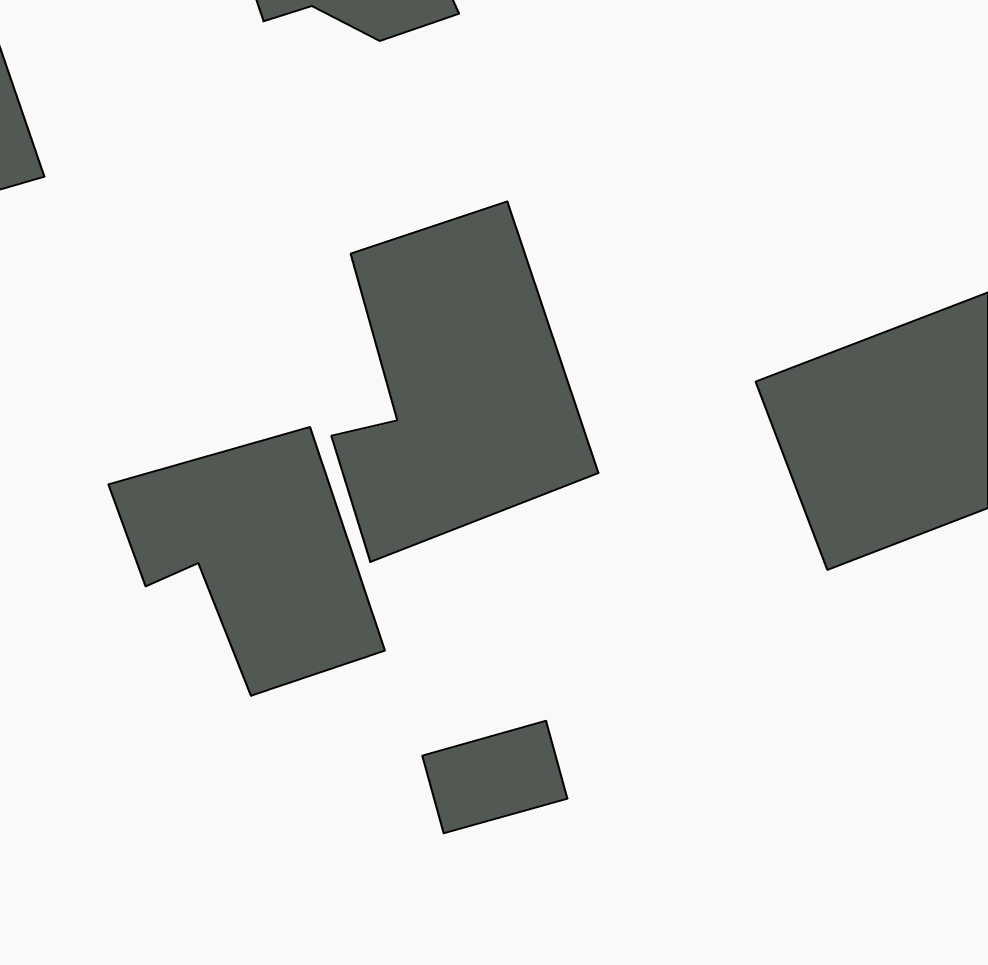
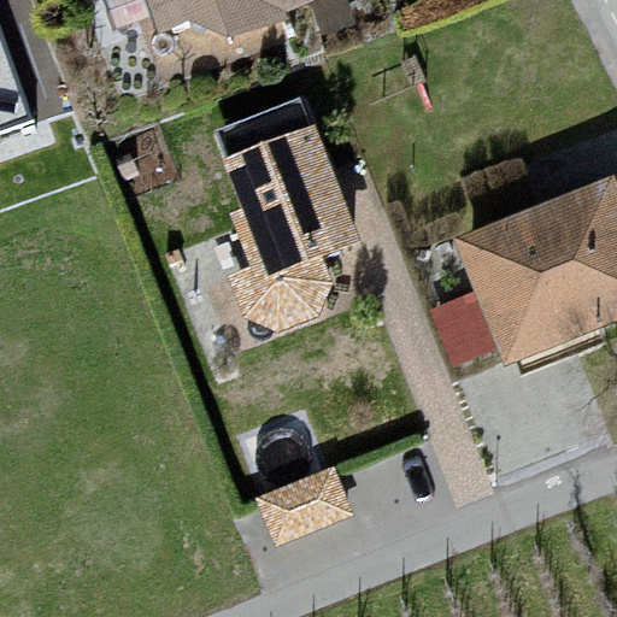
building: [109,427,385,696] -> none

